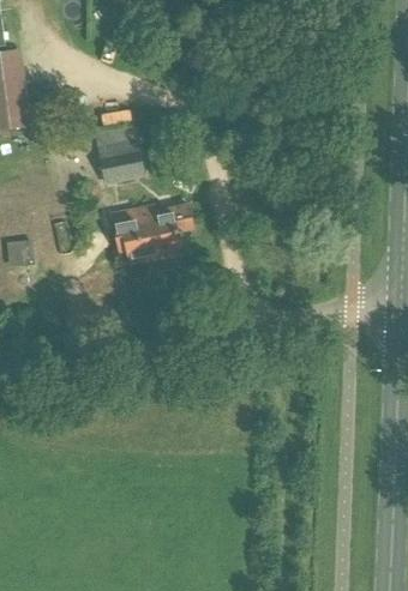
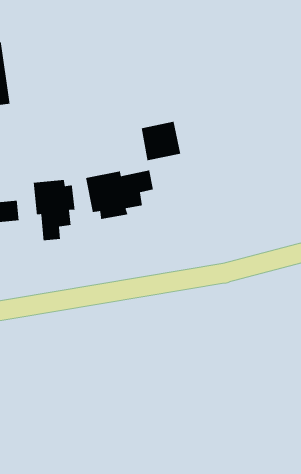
building: [98,135,146,183] -> [141,121,181,161]
building: none -> [33,179,76,241]

